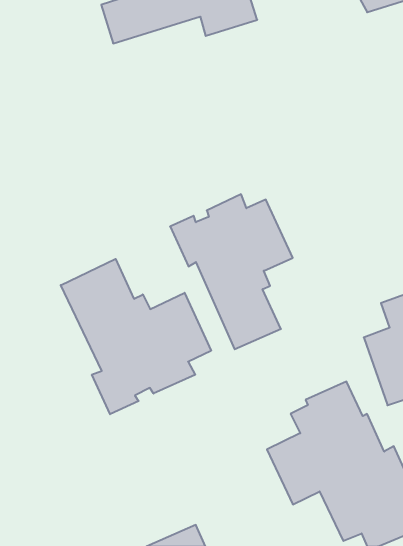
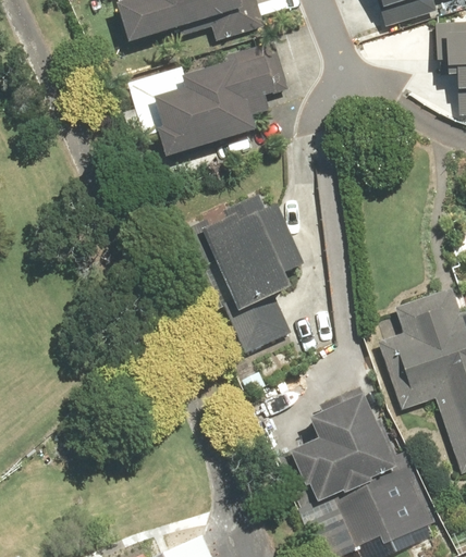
building: none -> [149,41,291,158]
building: [61,259,211,414] -> none

